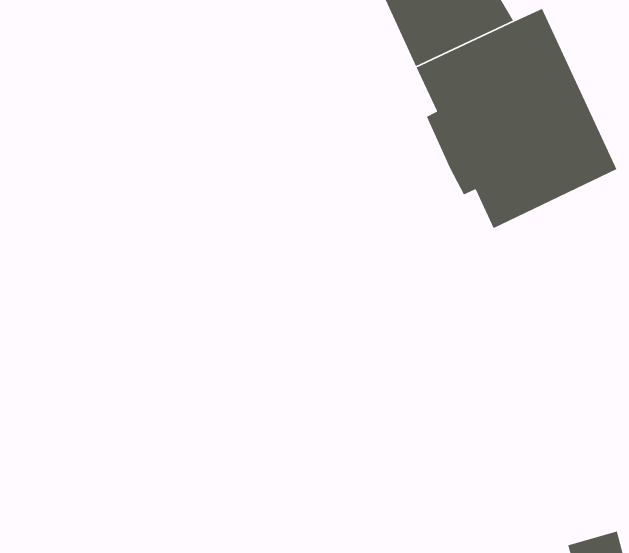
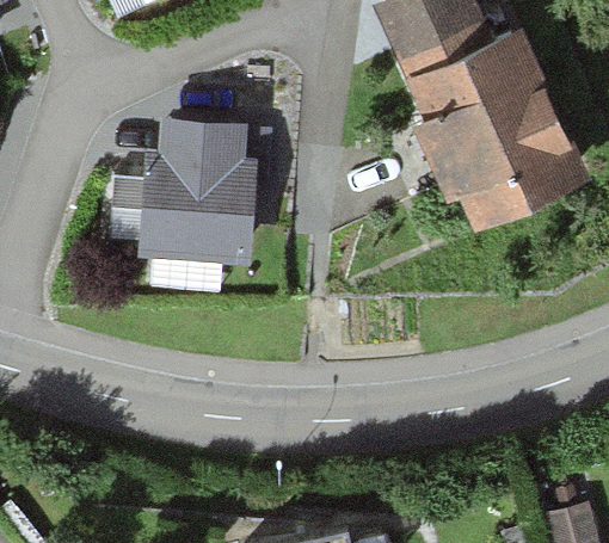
building: none -> [112,117,271,263]

